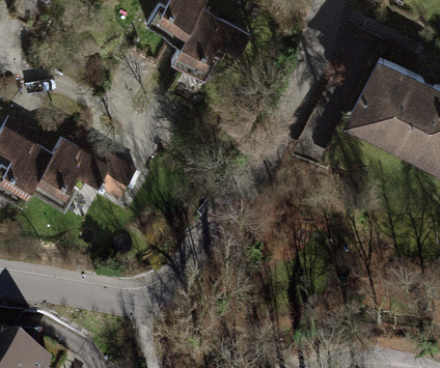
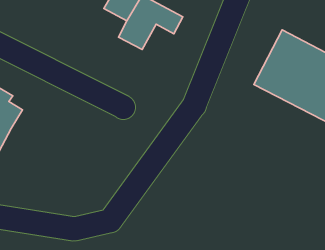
building: [33,140,134,201] -> none

